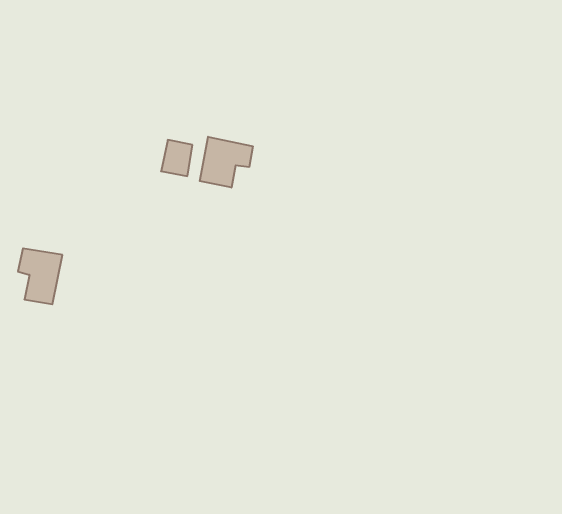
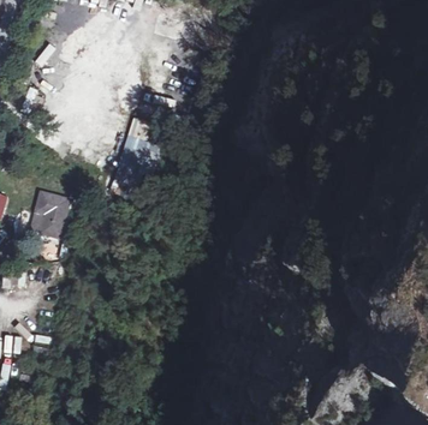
building: [200,137,253,188] -> none

